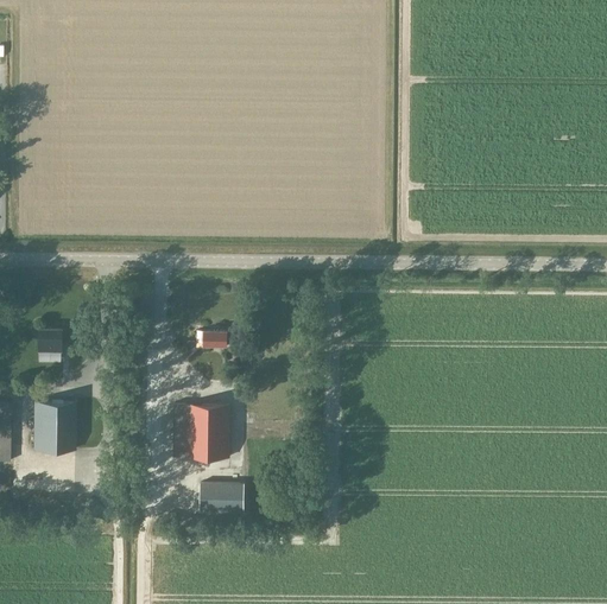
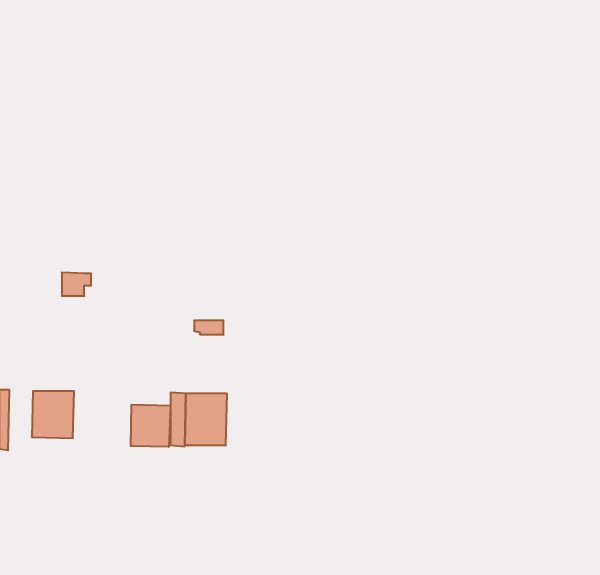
building: [38,329,68,352] -> [62,272,91,296]
building: none -> [131,405,171,447]
building: [198,483,244,514] -> none

